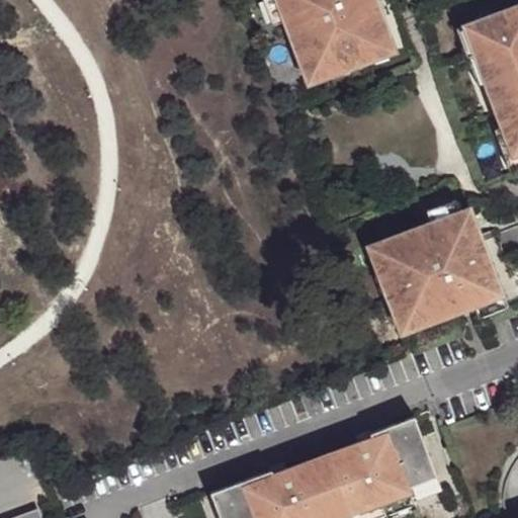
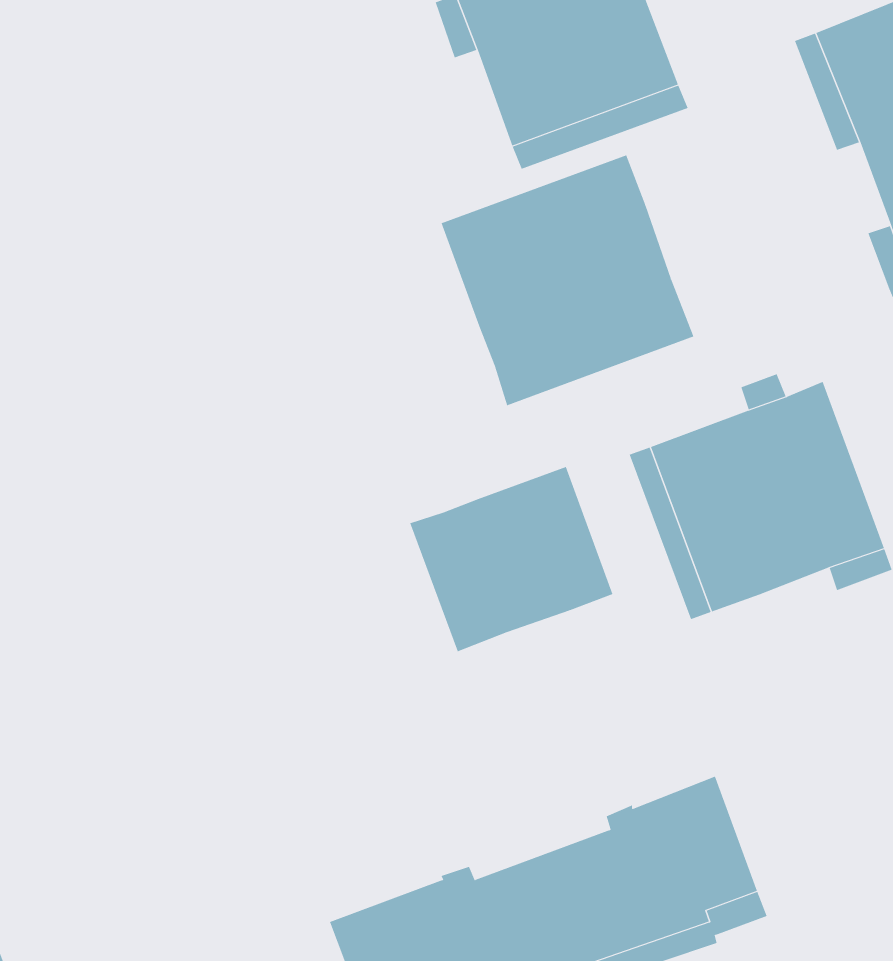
building: none -> [441,155,694,406]
building: none -> [410,466,613,652]

